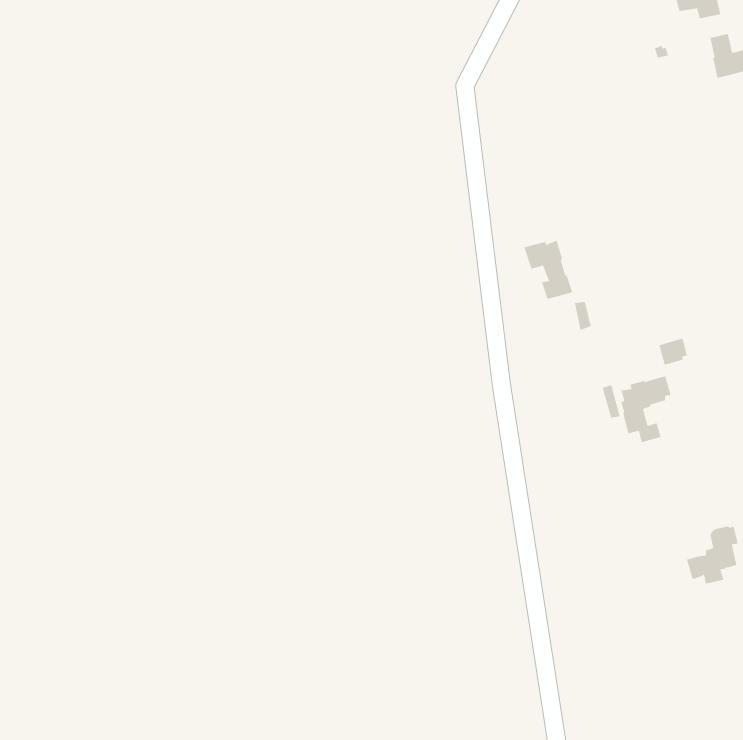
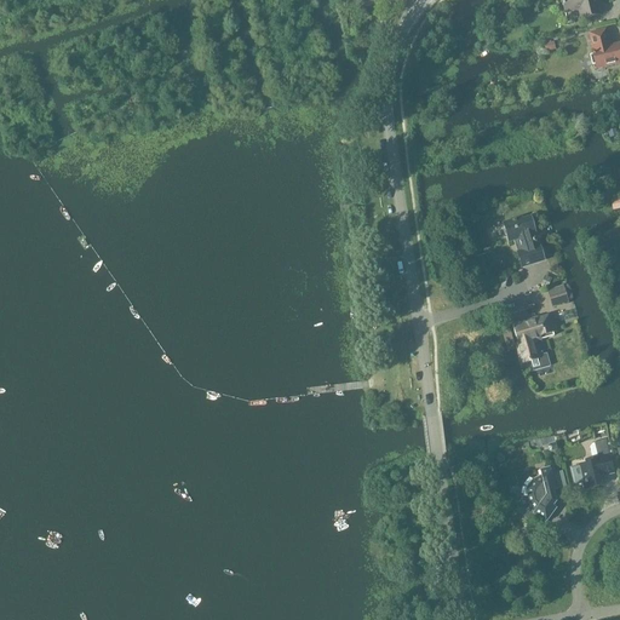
building: [524,240,573,300] -> [504,214,545,264]
building: none -> [527,465,559,519]

